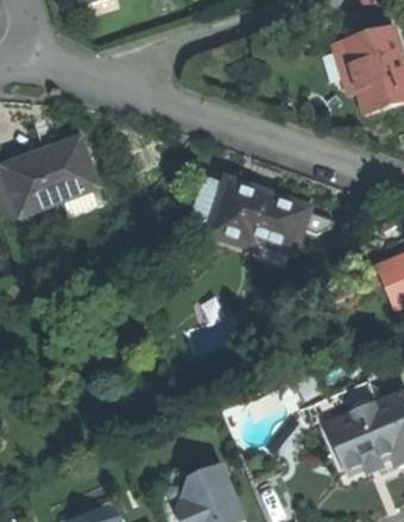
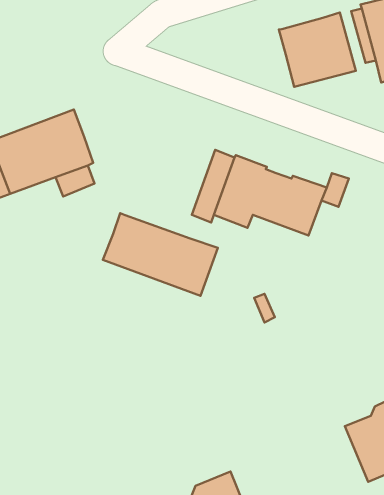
building: none -> [279,13,356,87]
building: none -> [103,213,218,296]

